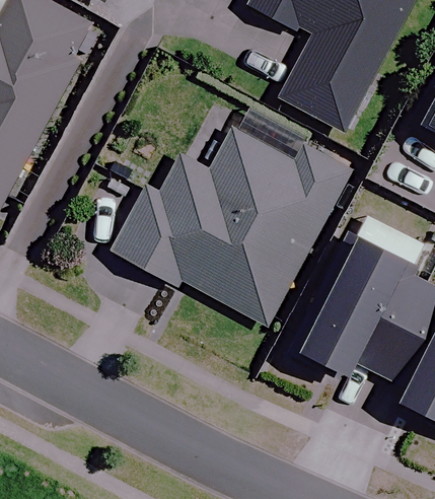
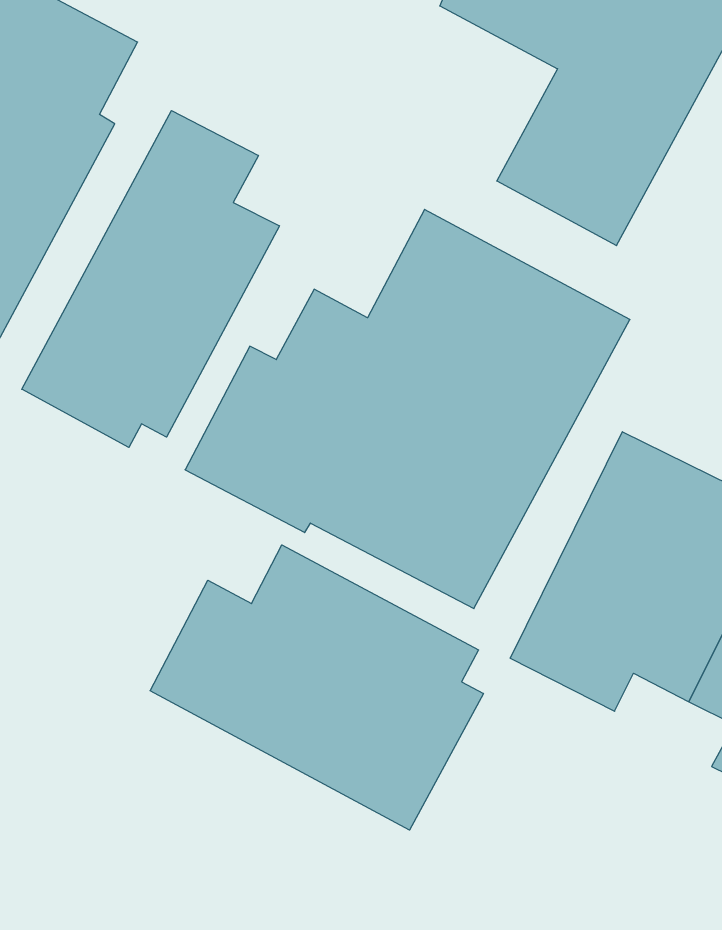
building: none -> [22,111,279,447]
building: none -> [150,545,483,830]

